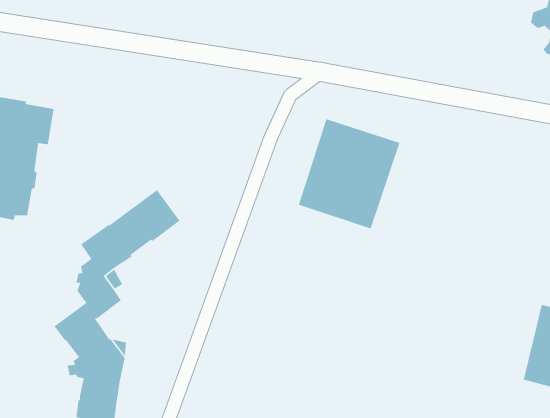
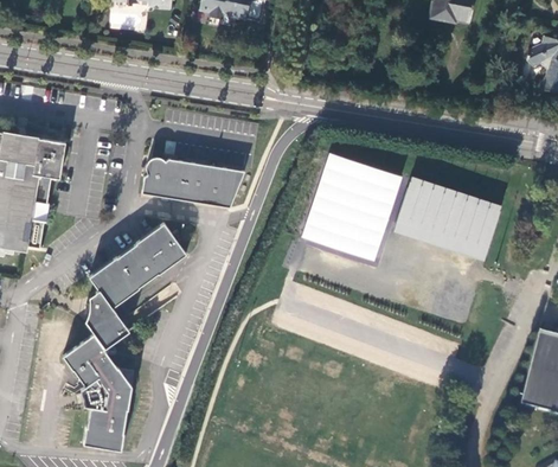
building: none -> [143,158,246,207]
building: none -> [393,174,501,260]

